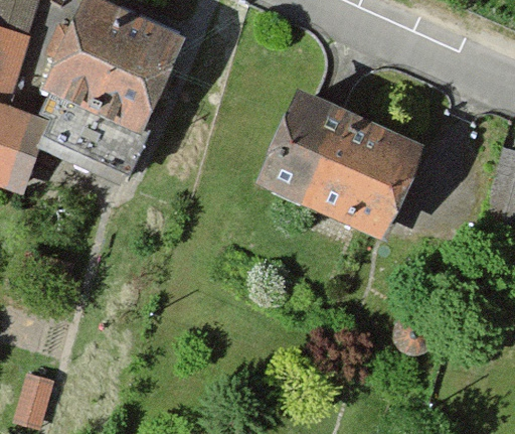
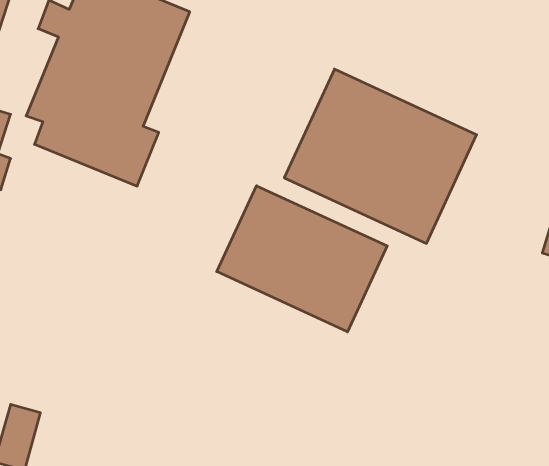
building: none -> [217,186,387,332]

